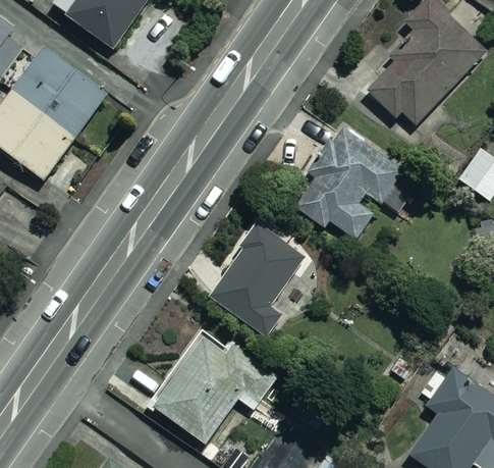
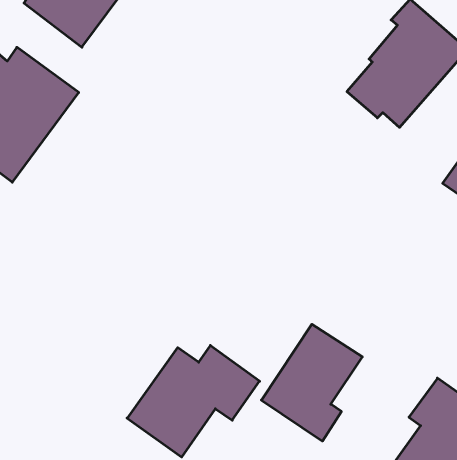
building: [294,127,403,240] -> none
building: [210,223,308,336] -> [261,324,362,441]

